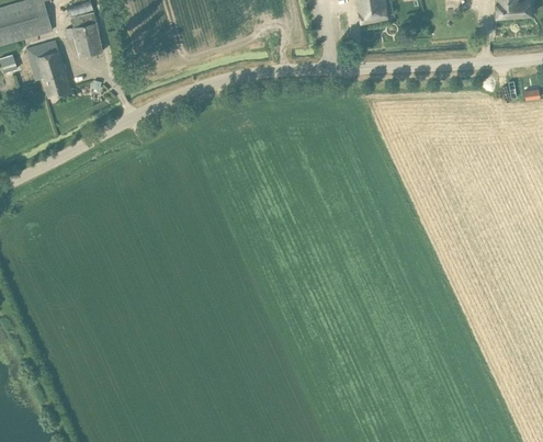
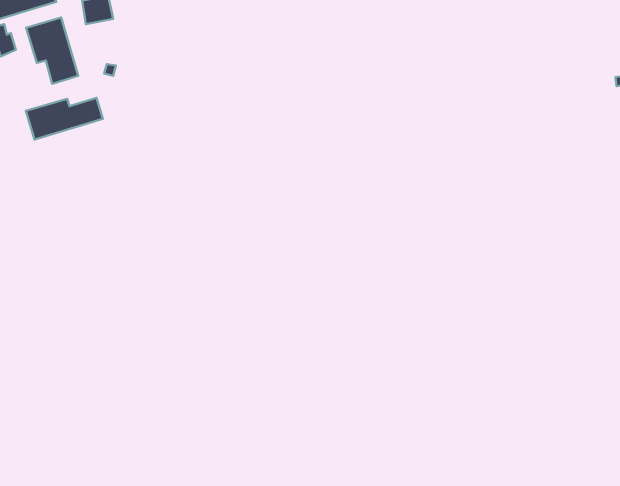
building: none -> [26,98,103,139]

